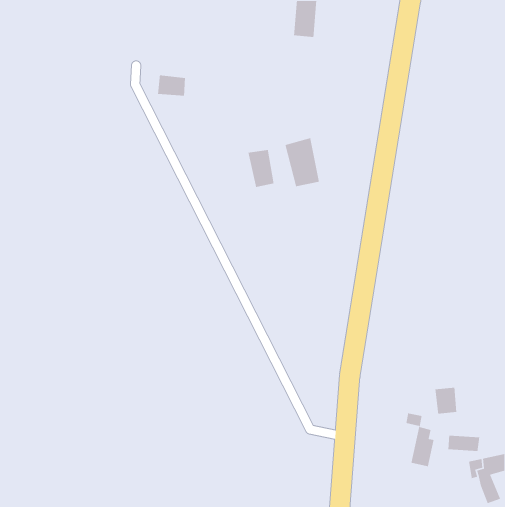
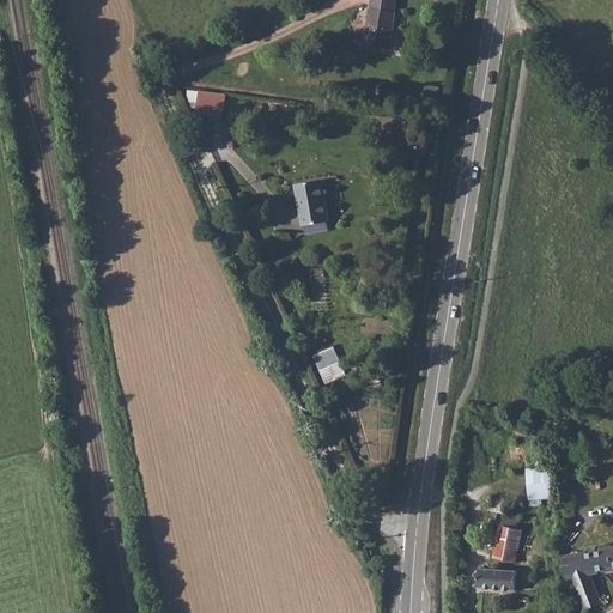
building: [285,137,320,187] -> none
building: none -> [310,346,344,384]
building: [447,435,480,452] -> [481,569,521,589]

